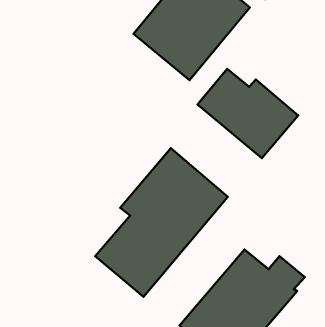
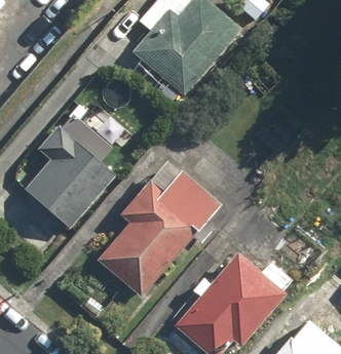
building: [198,69,298,158] -> none
building: none -> [24,115,115,229]

